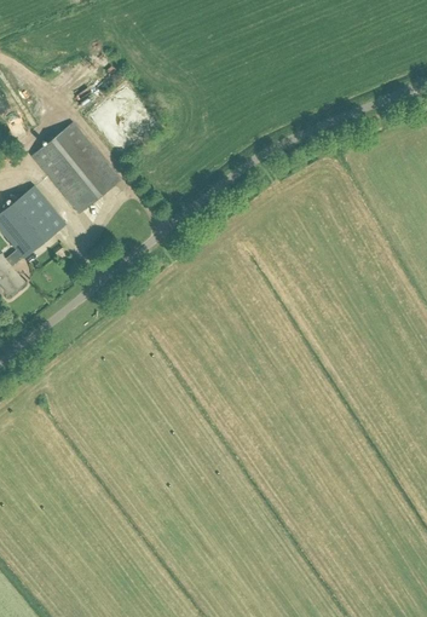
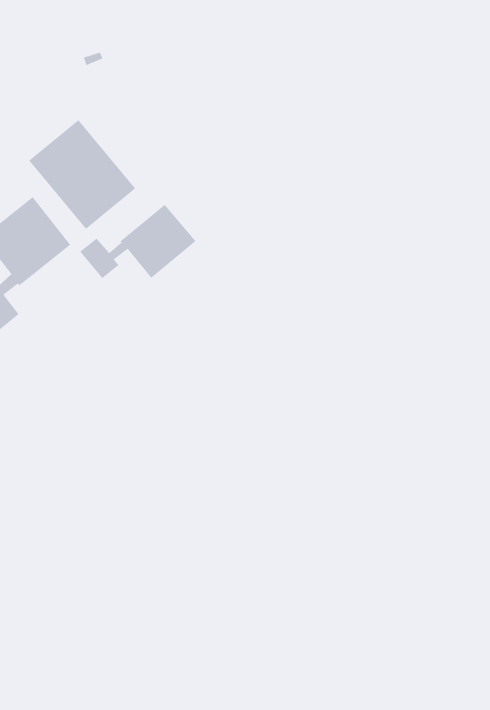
building: none -> [79,204,197,279]

